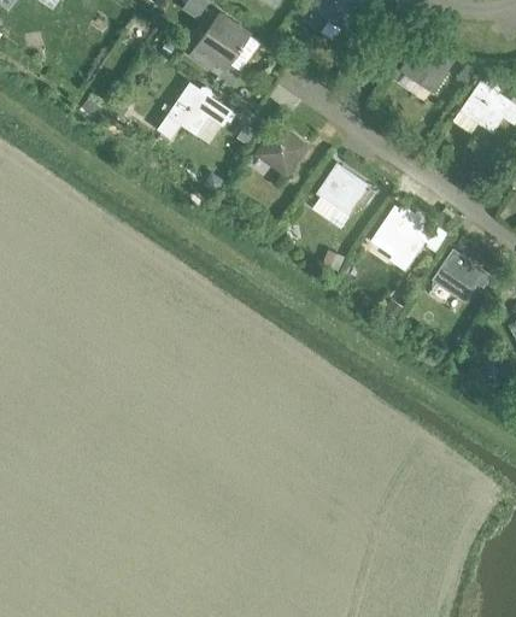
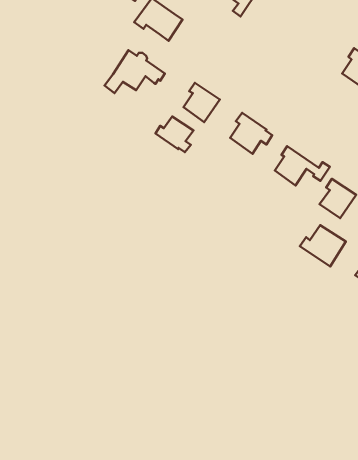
building: [404,40,451,90] -> none
building: none -> [155,116,193,152]
building: none -> [300,225,346,267]

